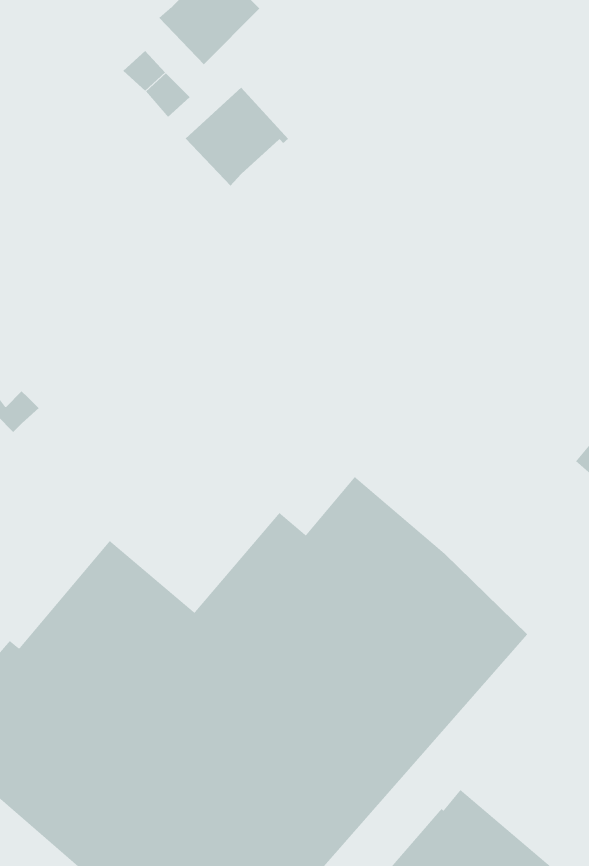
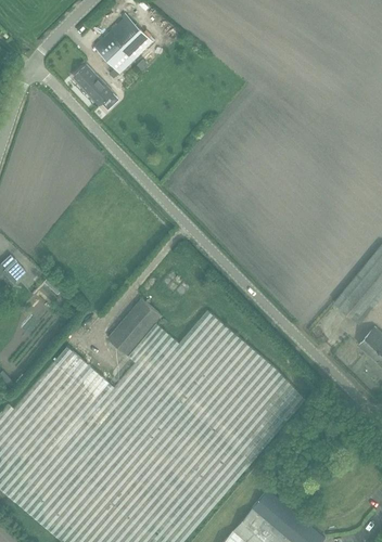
building: [185,87,289,186] -> none
building: none -> [106,298,161,354]

